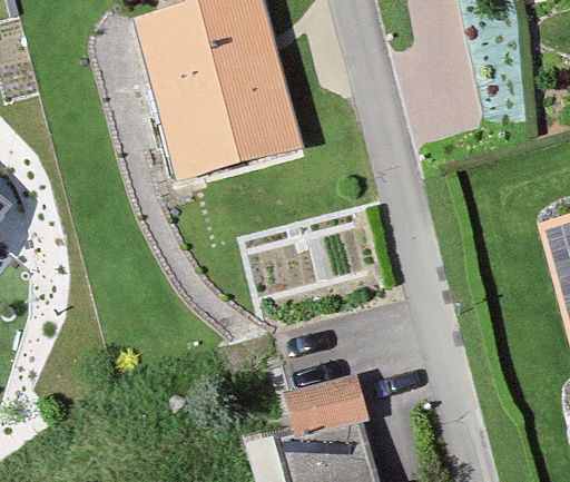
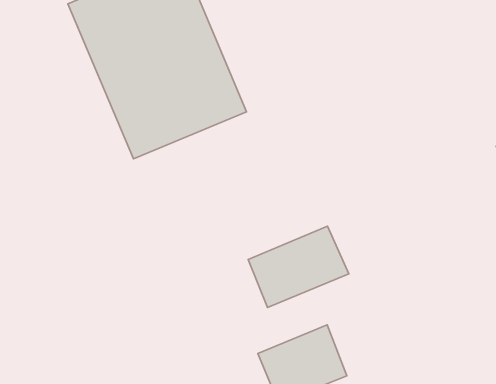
building: none -> [248,226,349,307]

